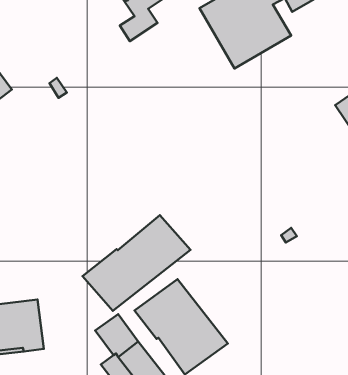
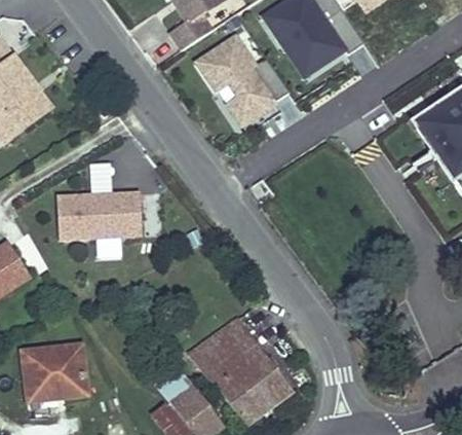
building: none -> [190,25,291,131]
building: none -> [55,161,142,255]
building: [83,215,190,311] -> none

